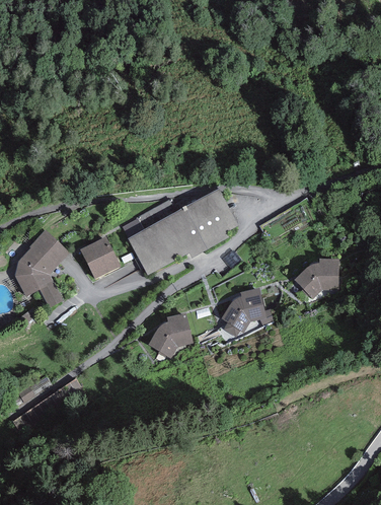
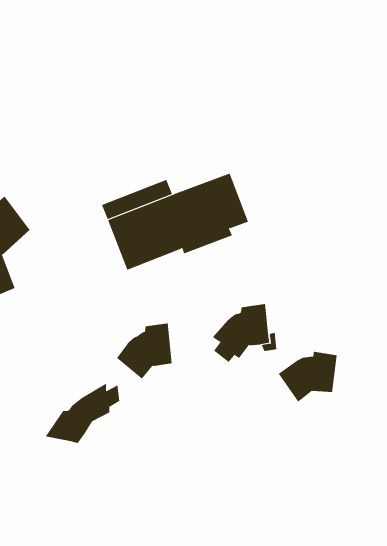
building: [80,235,121,279] -> none
building: [294,258,338,299] -> [278,351,337,402]
building: none -> [45,382,120,444]

